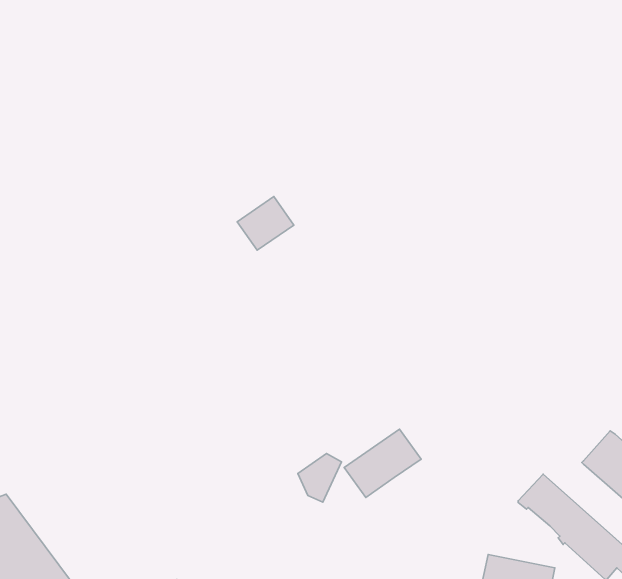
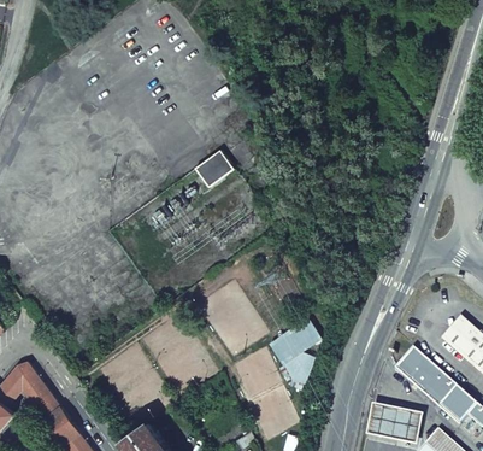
building: [298,454,341,502] -> [284,350,316,385]

